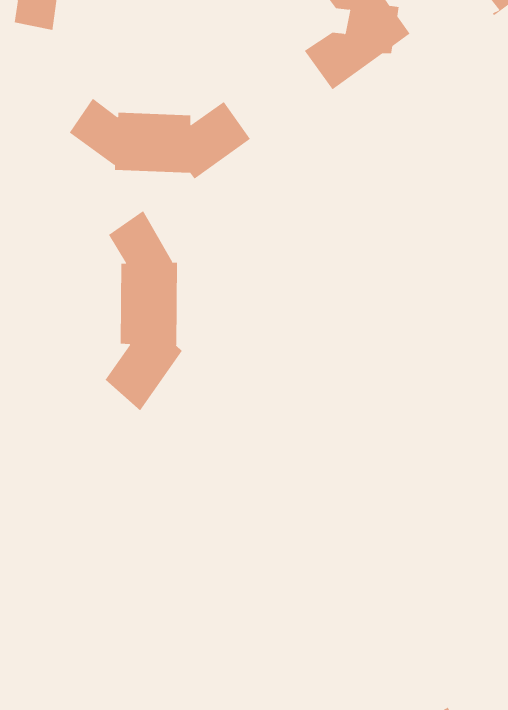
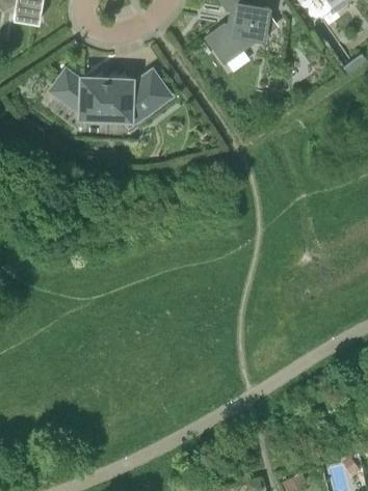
building: [105,210,183,411] -> none

